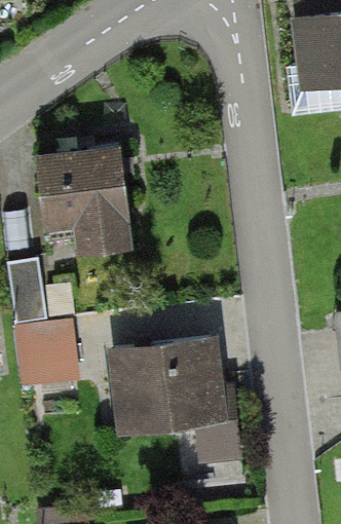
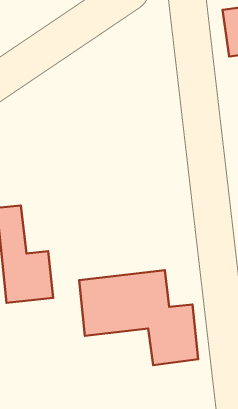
building: [28,152,131,253] -> none

